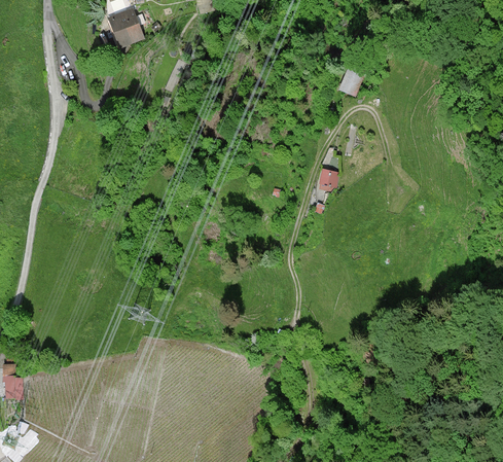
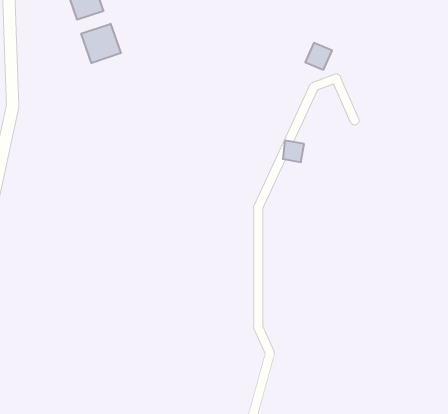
building: none -> [81,24,121,63]

